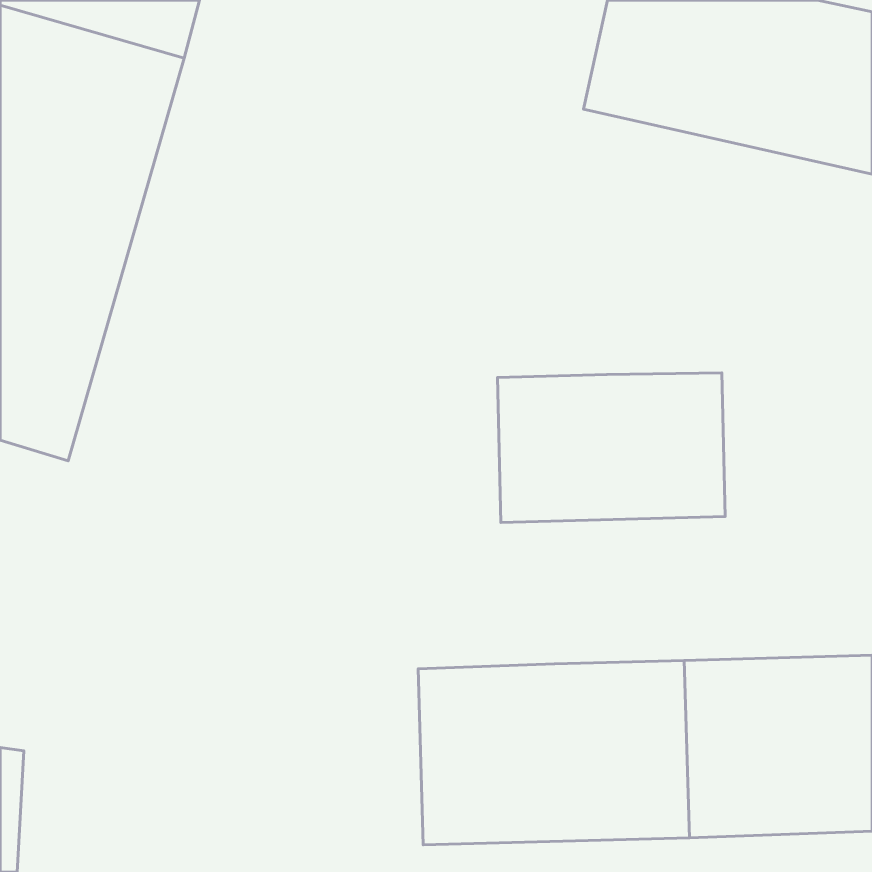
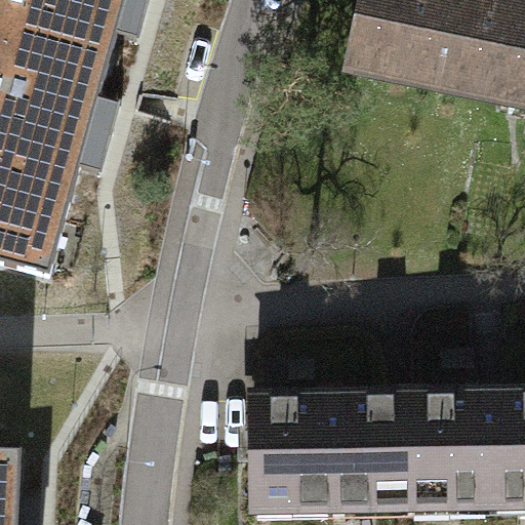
building: [497,373,725,523] -> none

